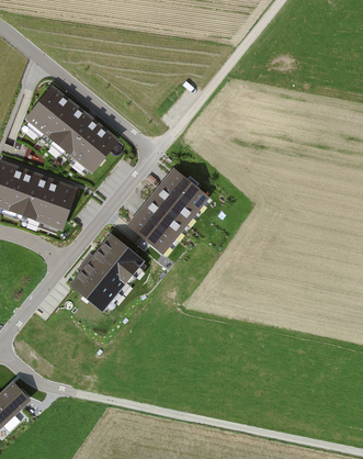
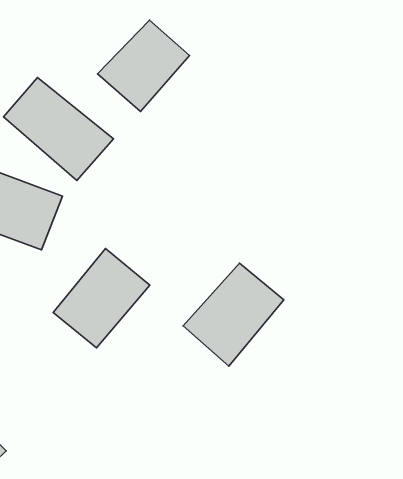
building: none -> [97,20,190,111]
building: [124,168,208,255] -> [183,263,284,366]

